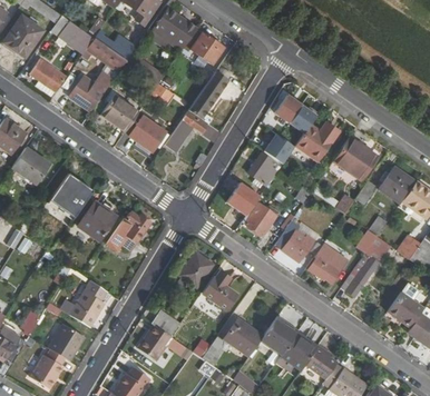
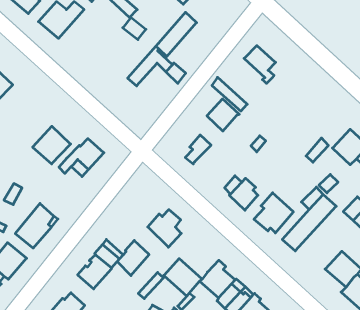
building: [101,95,139,130] -> none
building: [129,117,166,151] -> none
building: [294,126,336,162] -> none
building: [334,137,377,177] -> none
building: [52,175,96,218] -> none
building: [242,201,276,235] -> none
building: [182,254,213,289] -> [117,240,149,276]

